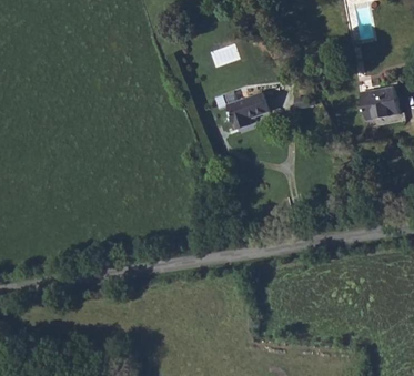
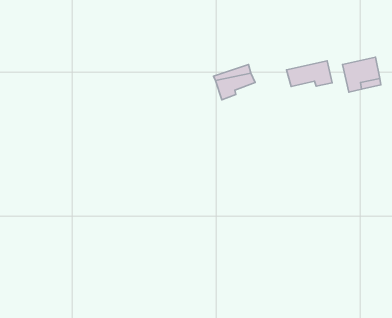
building: none -> [287,61,332,87]

